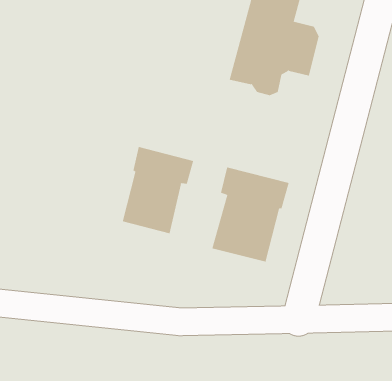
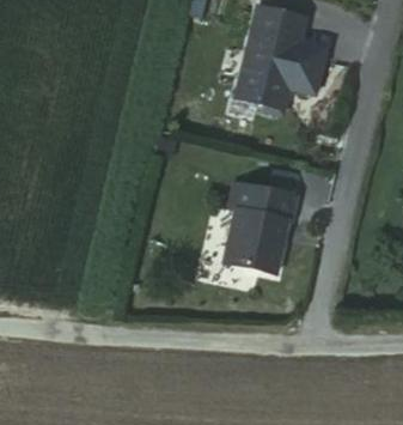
building: [122,146,194,234] -> none

